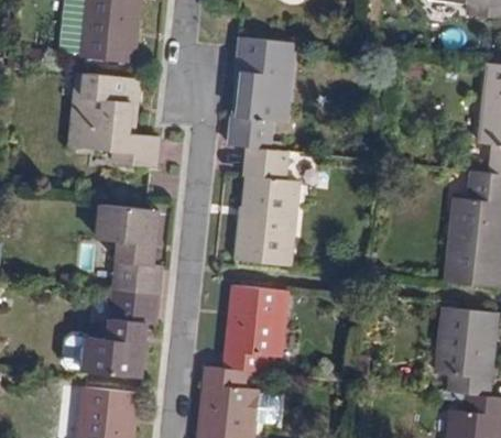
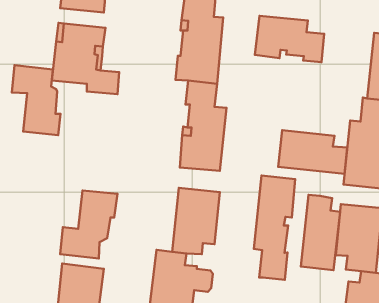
building: none -> [255,16,324,62]
building: [95,205,157,295] -> [12,65,61,135]
building: none -> [278,130,347,174]
building: none -> [254,175,295,280]
building: none -> [301,195,340,270]

